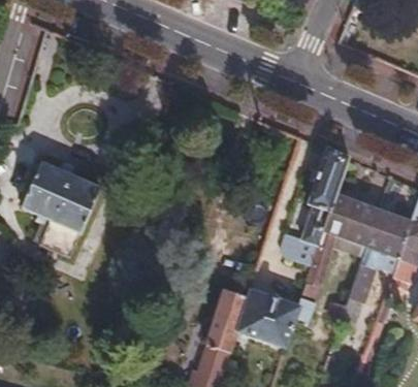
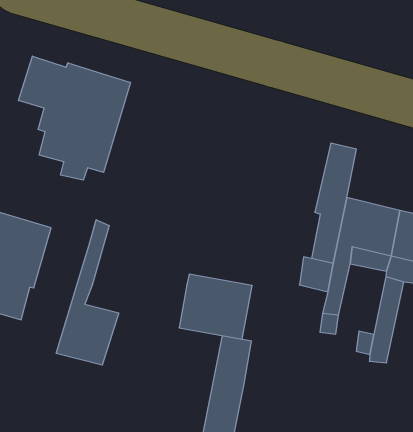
building: none -> [18,56,130,180]
building: none -> [56,220,119,365]
building: [236,288,298,345] -> [179,274,252,339]

